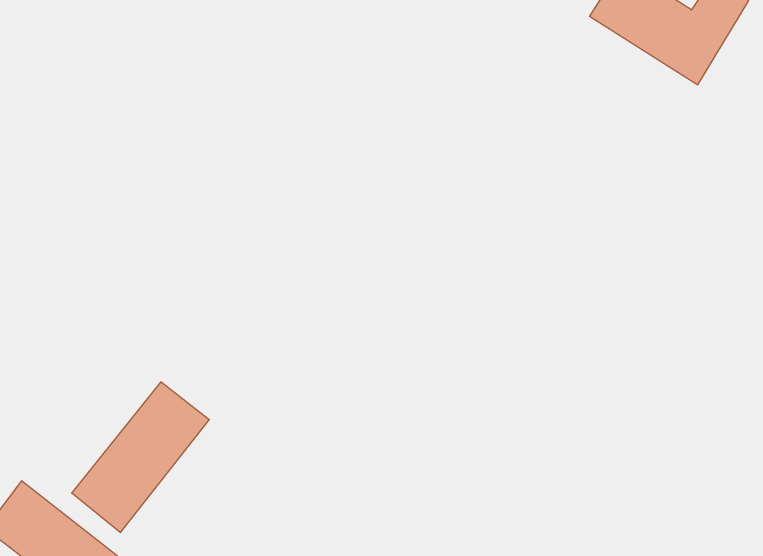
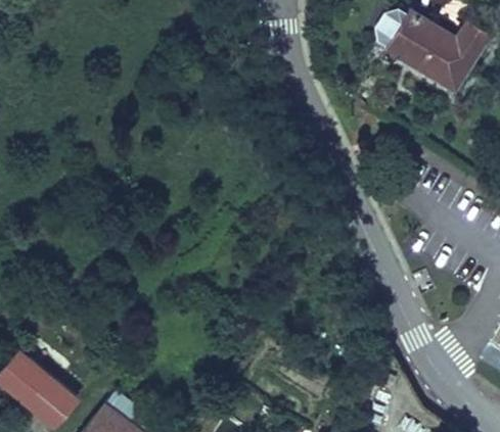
building: [72,382,209,533] -> none

